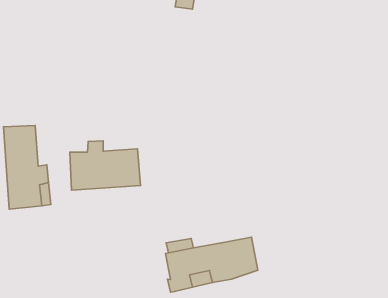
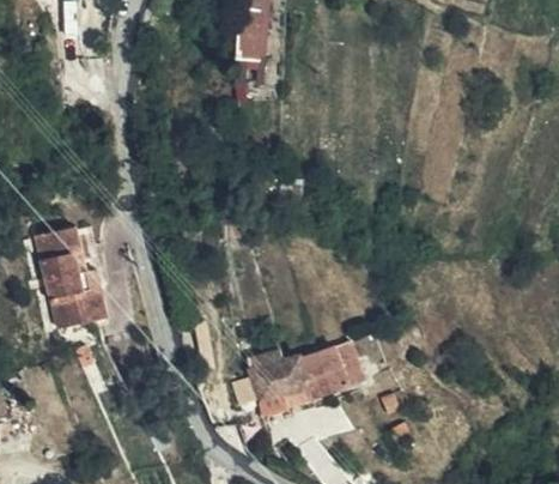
building: [70,141,140,190] -> none

